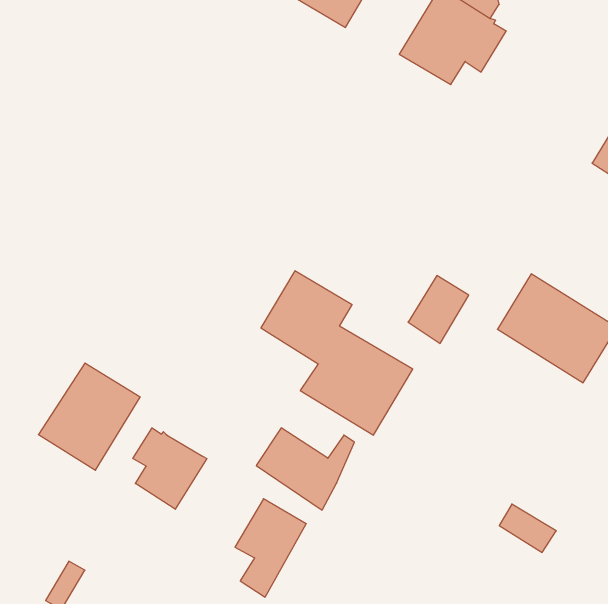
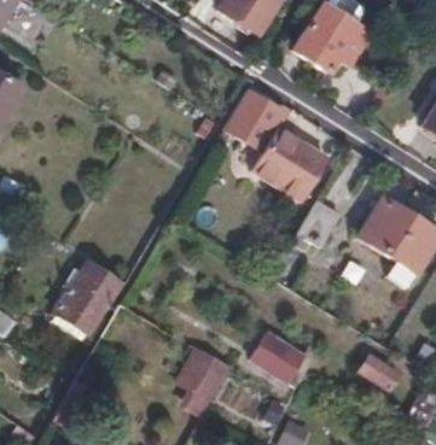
building: [261,271,413,435] -> [226,92,329,203]
building: [133,428,207,509] -> none
building: [256,428,354,510] -> [254,332,320,387]

